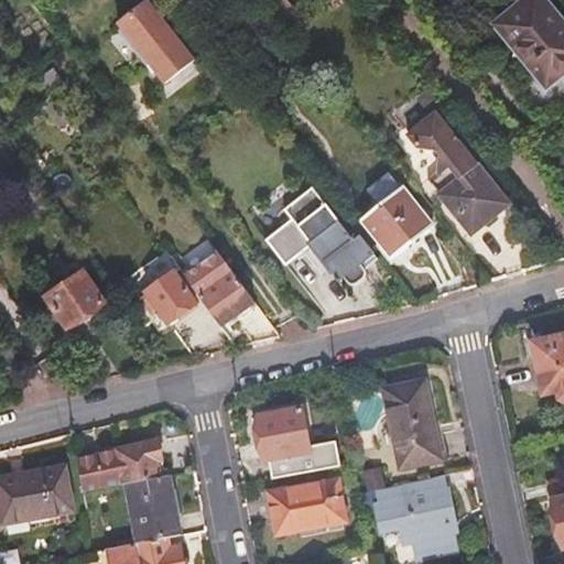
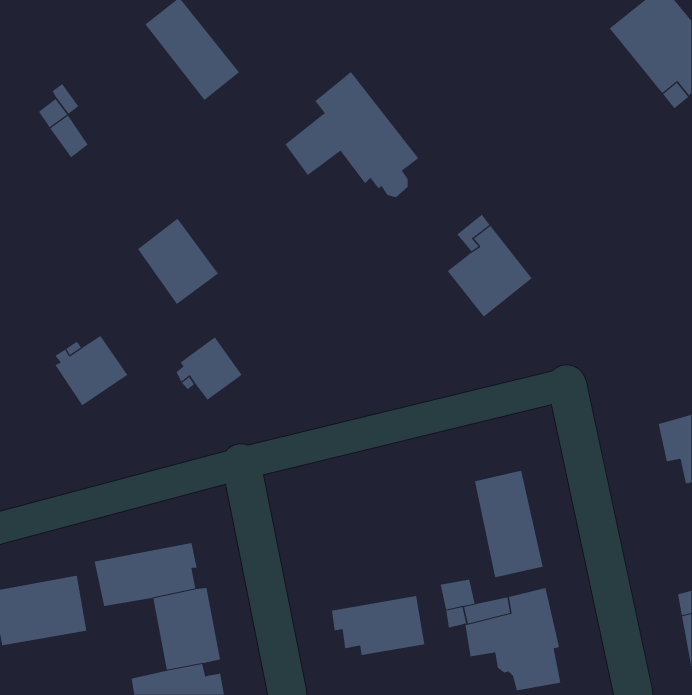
building: [409,111,507,232] -> none
building: [264,182,373,284] -> [284,71,419,198]
building: [188,254,254,325] -> [137,218,219,305]
building: [257,408,344,478] -> none

